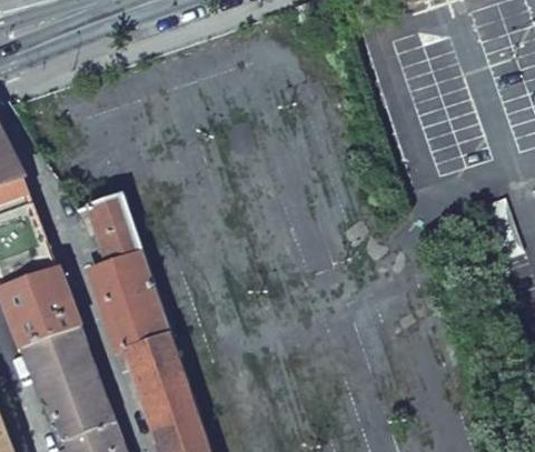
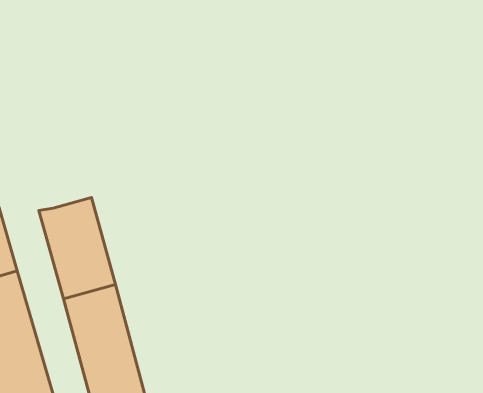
building: [89,198,145,269] -> none

